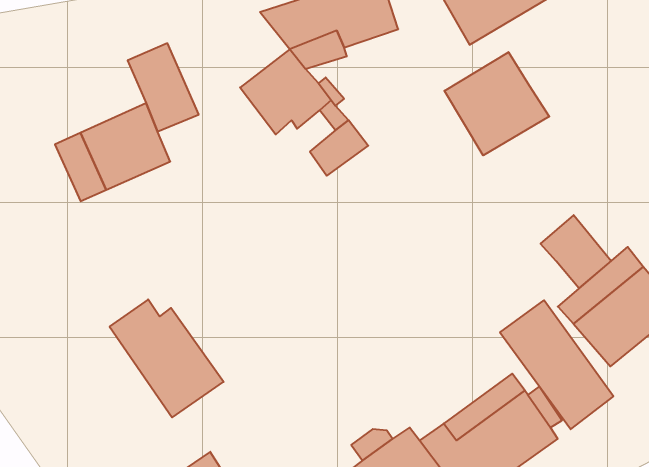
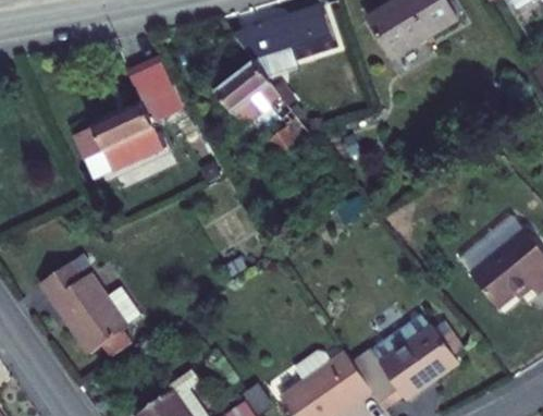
building: [444,52,549,155] -> none
building: [541,215,611,288] -> none
building: [110,299,224,417] -> [42,261,129,352]
building: [500,300,613,429] -> none

